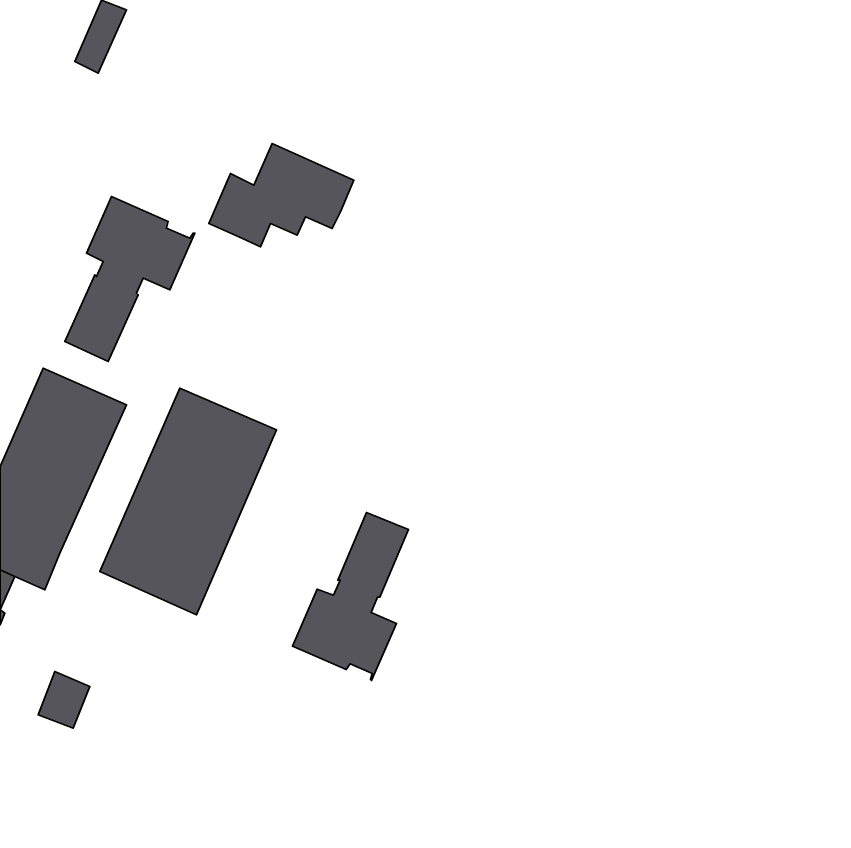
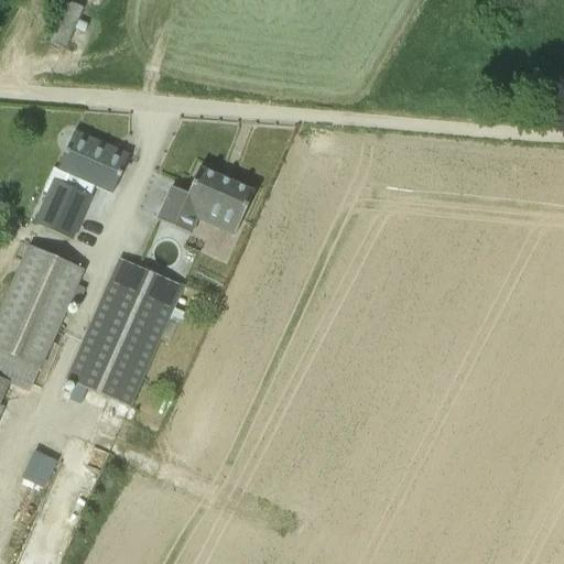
building: [209,143,354,247] -> [158,165,253,234]
building: [292,512,408,681] -> none

